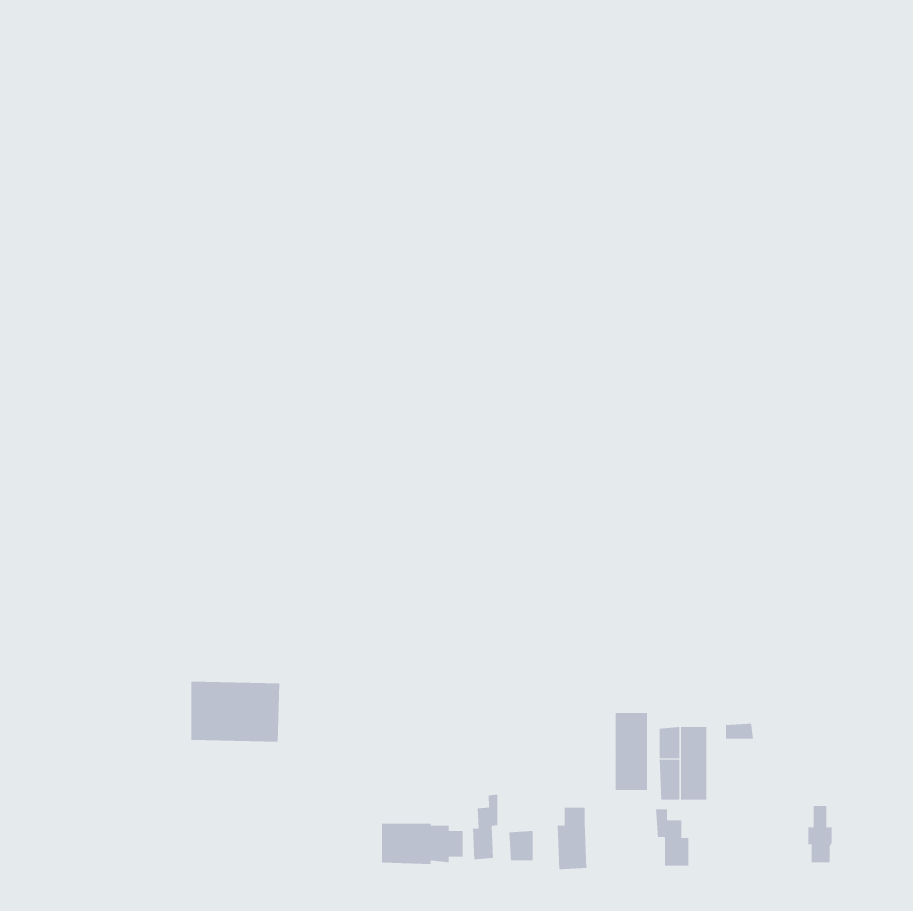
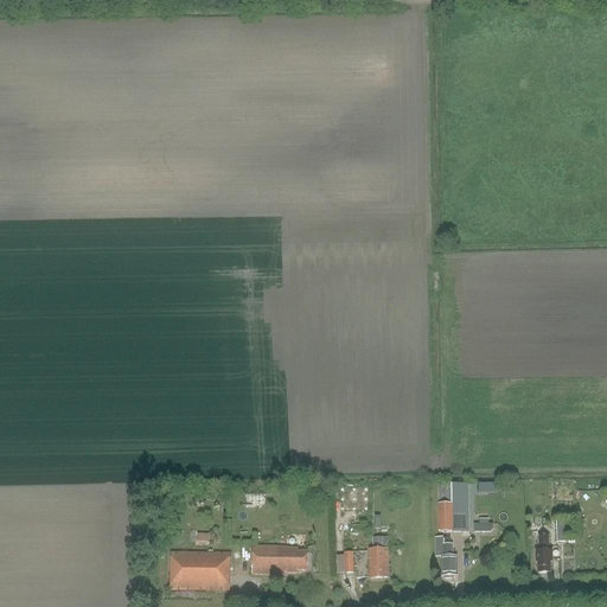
building: [191,681,280,742] -> [170,550,229,590]
building: [615,712,647,791] -> none
building: [473,794,498,860] -> none

